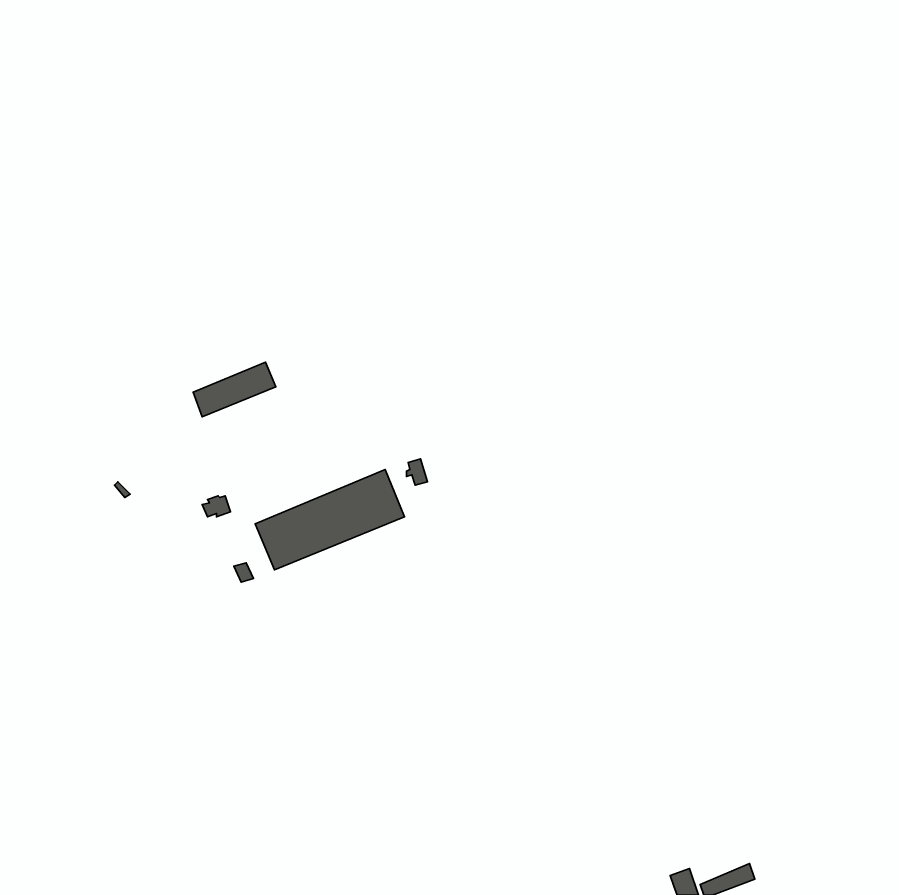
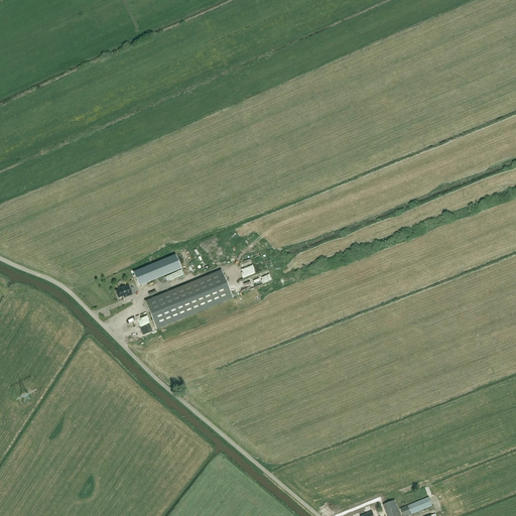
building: [193,362,276,417] -> [134,253,181,284]

